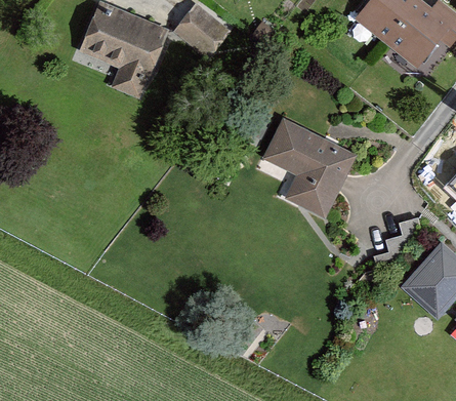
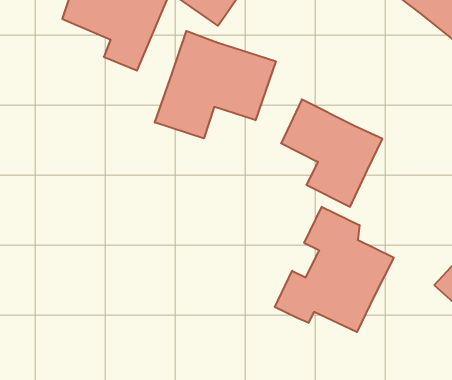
building: none -> [155,31,276,138]
building: none -> [275,207,394,332]

